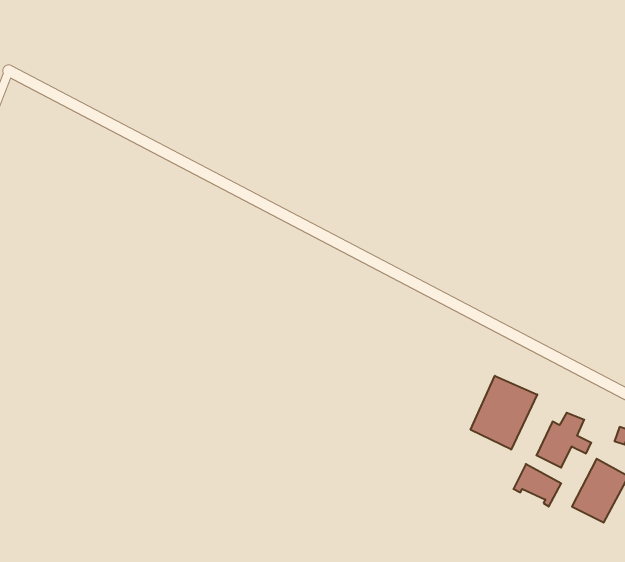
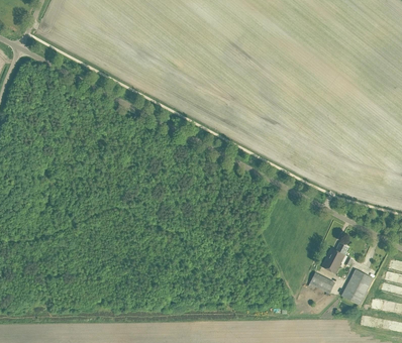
building: [471,376,537,450] -> none

